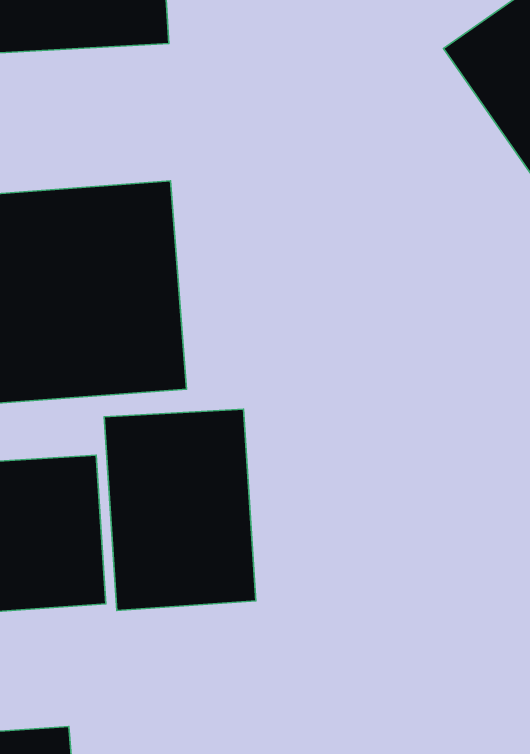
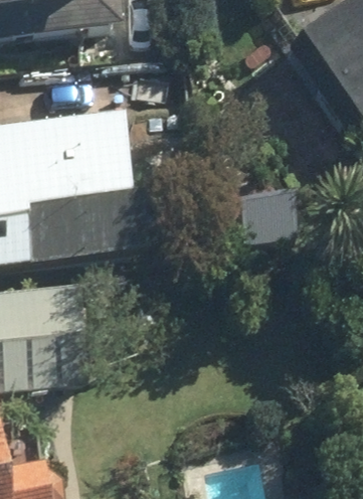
building: [104,409,256,611] -> none

